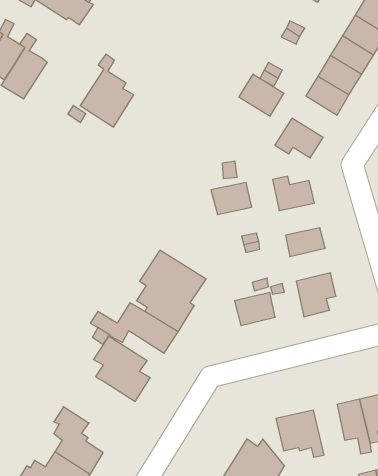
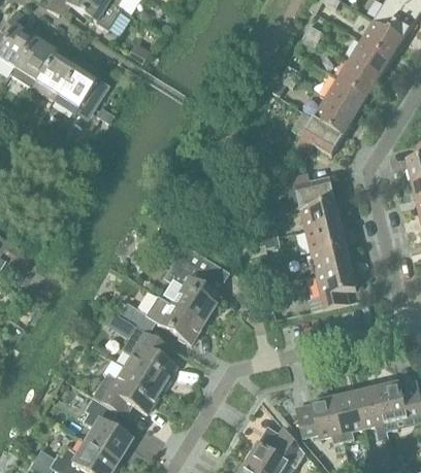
building: [80,54,134,127] -> [54,52,105,122]
building: [239,74,284,116] -> [312,98,355,138]
building: [211,182,252,215] -> [299,201,338,232]
building: [234,292,275,326] -> [310,244,349,276]
building: none -> [92,360,161,417]
building: none -> [332,395,362,443]

